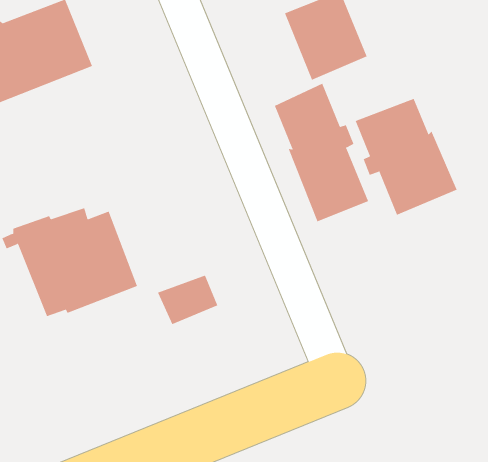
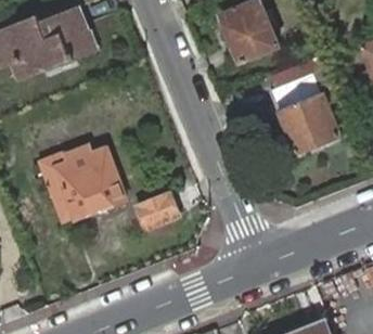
building: [274,83,369,222] -> none

